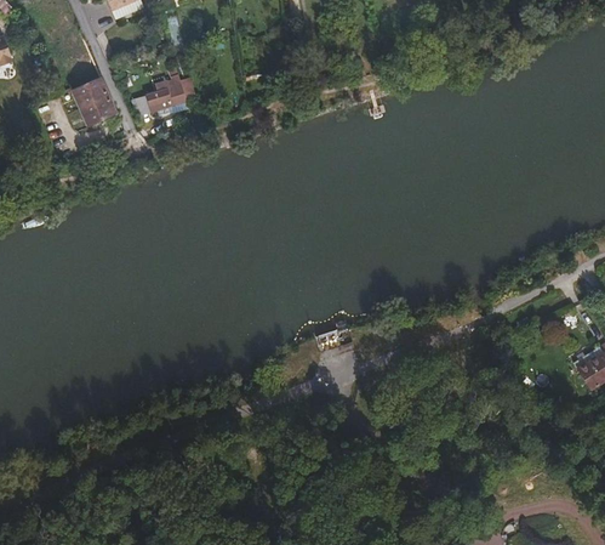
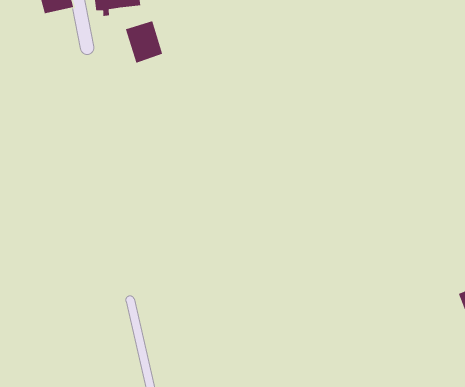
building: none -> [125,20,163,64]

